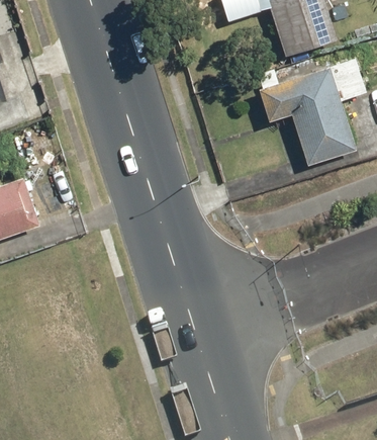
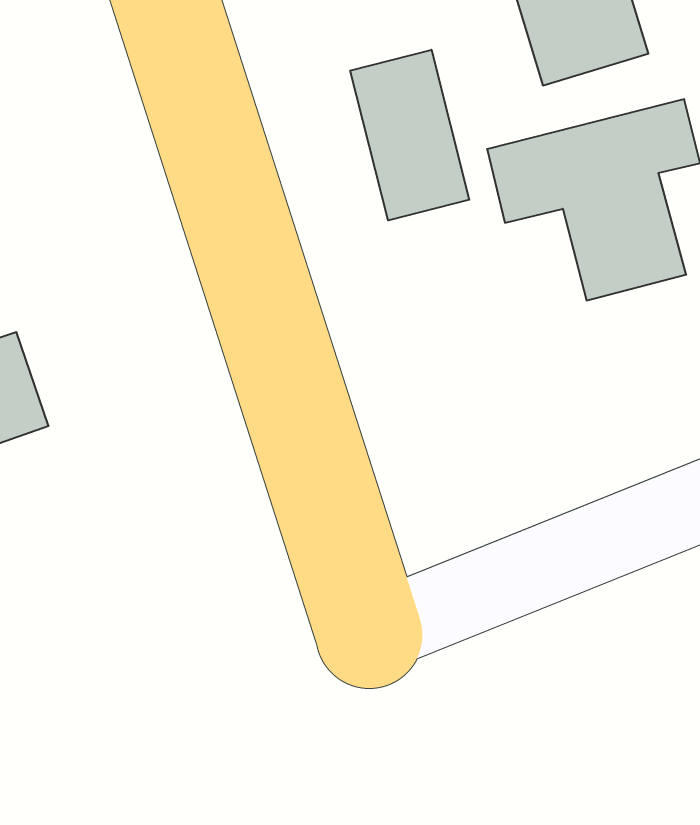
building: none -> [350,50,469,220]

